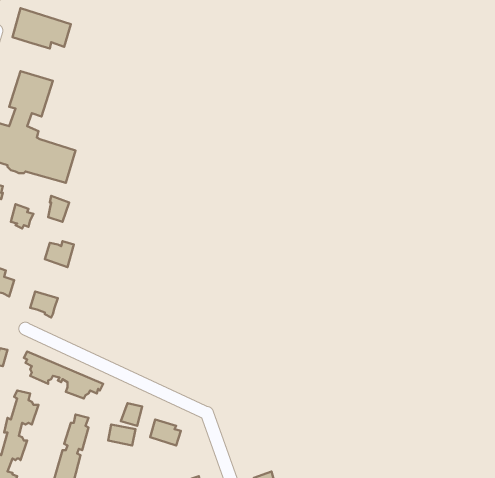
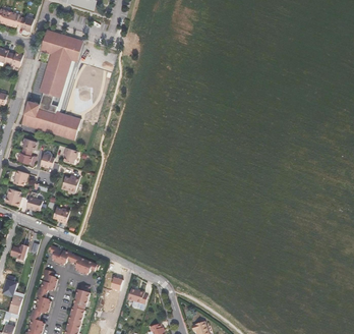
building: none -> [41,39,83,111]

